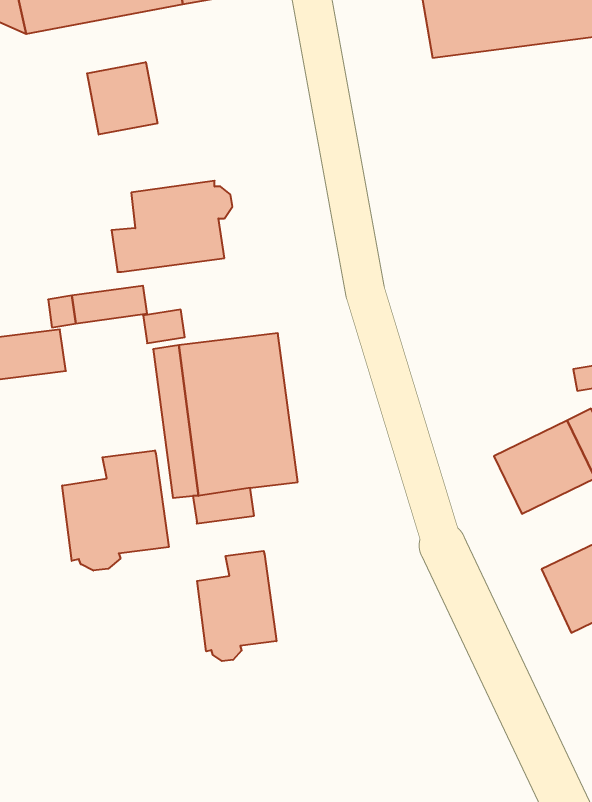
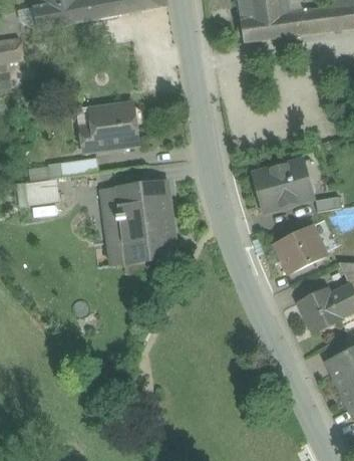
building: [87,62,157,135] -> none
building: none -> [253,161,310,209]
building: [62,450,169,571] -> none
building: [197,551,276,661] -> none

